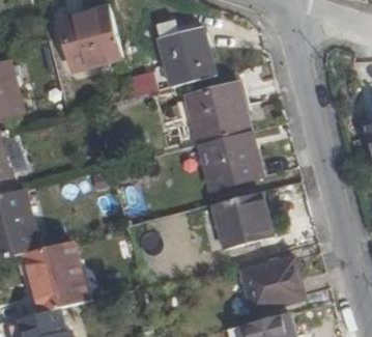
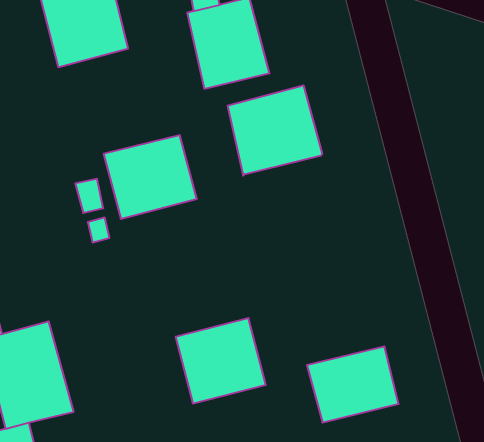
building: [200,130,262,186] -> [104,135,197,219]
building: [213,191,274,248] -> [176,318,266,403]

